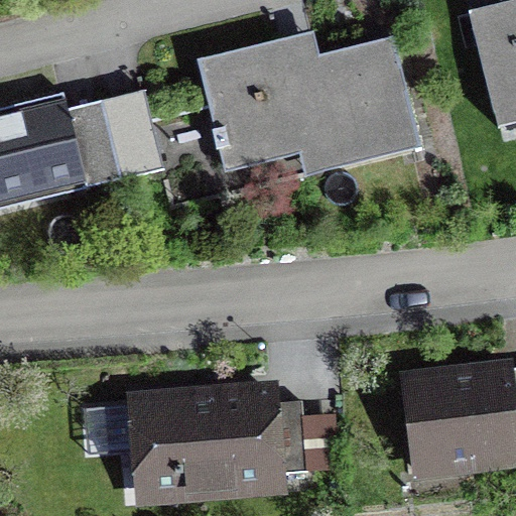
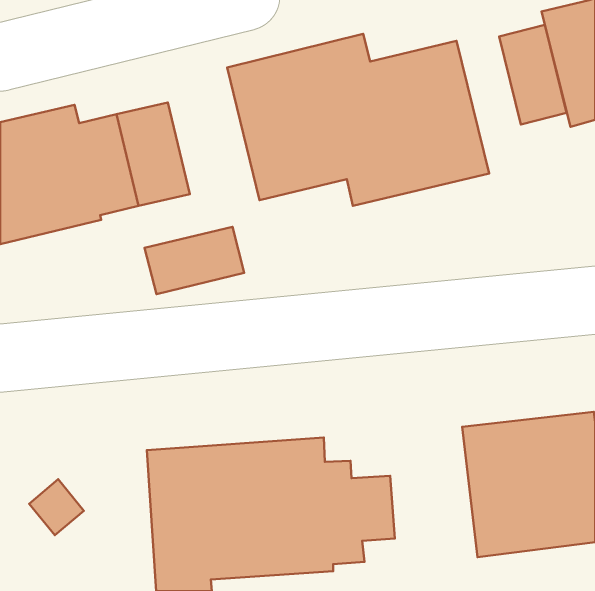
building: none -> [499,25,566,125]
building: none -> [145,227,244,294]

